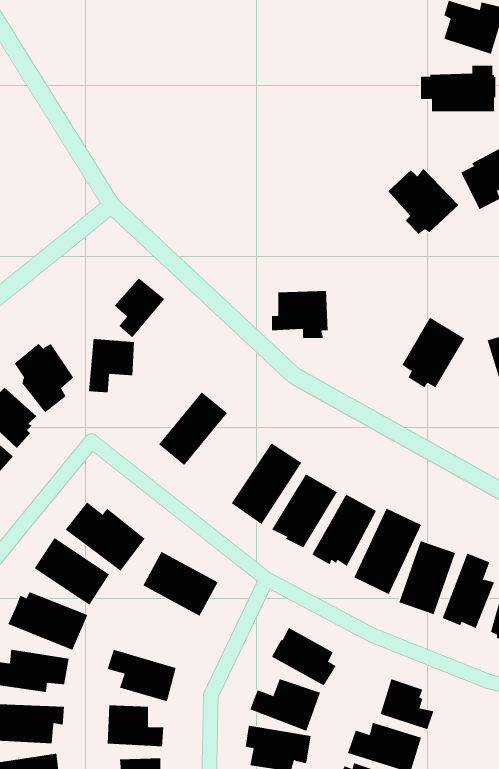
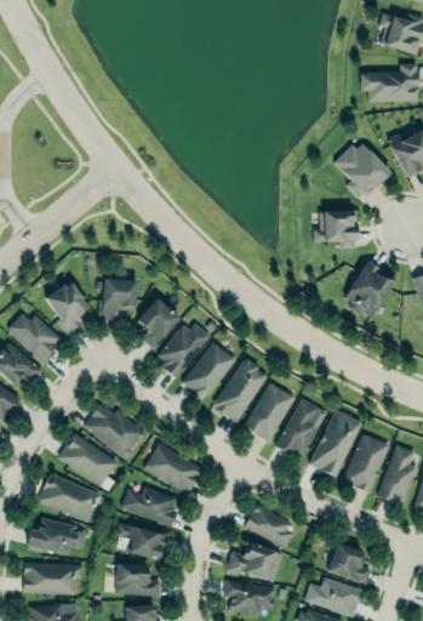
building: [114,278,165,338] -> [138,301,178,348]
building: [271,291,329,339] -> [314,210,359,247]
building: none -> [182,342,236,397]
building: none -> [120,485,177,528]

